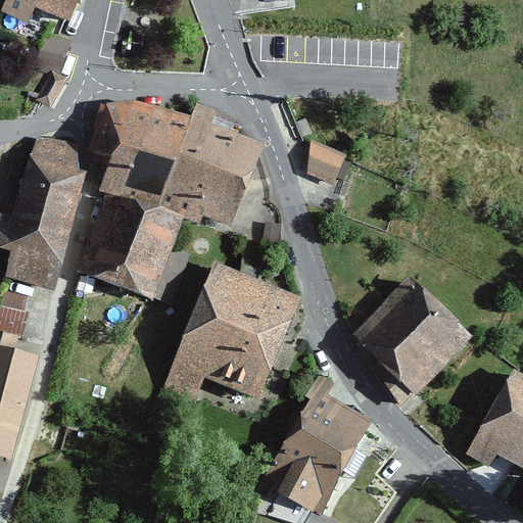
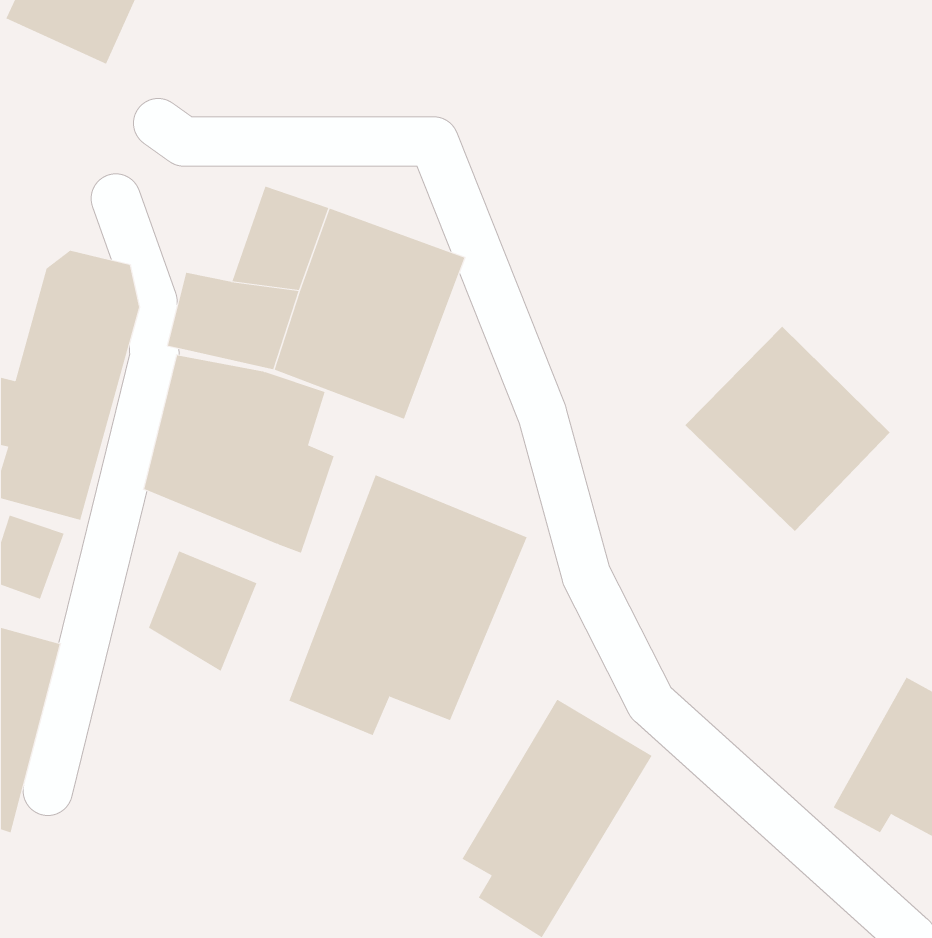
building: [88,97,151,156] -> none
building: [305,143,347,185] -> none
building: [356,279,471,393] -> [685,326,891,532]
building: none -> [148,551,257,672]

